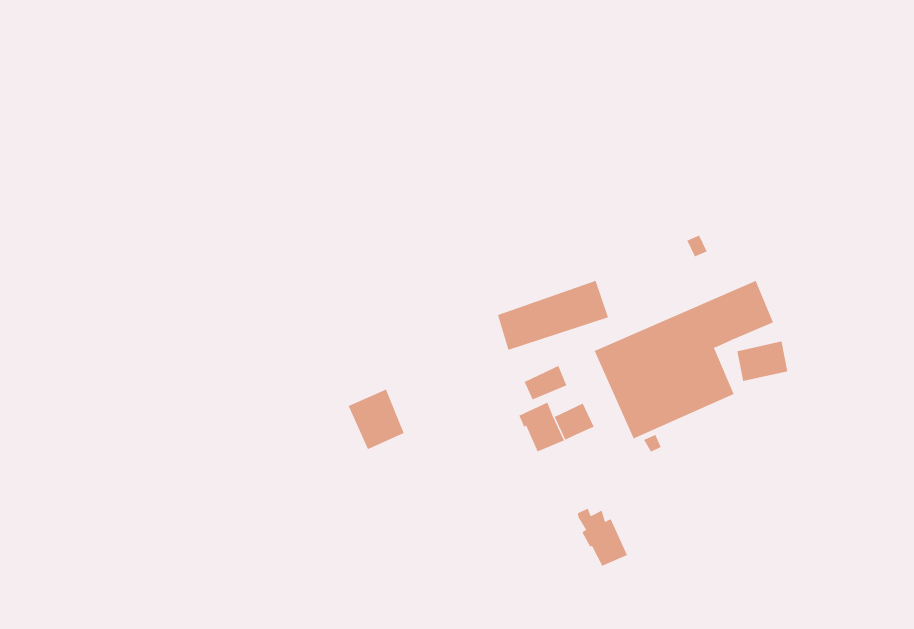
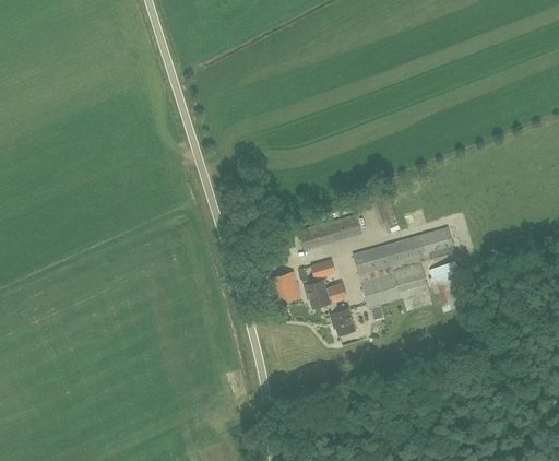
building: [348,389,404,450] -> [271,271,300,304]
building: [577,508,628,567] -> [330,300,355,334]

